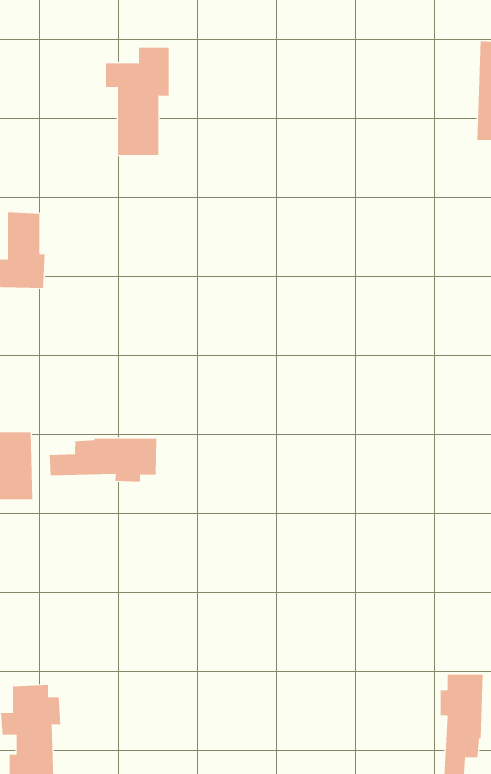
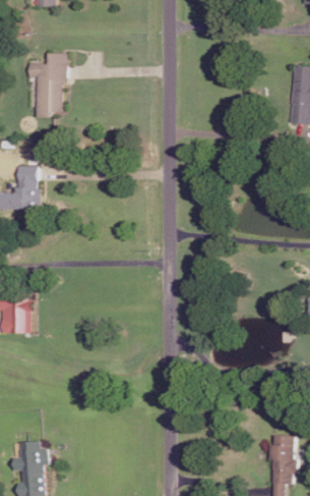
building: [105,47,170,155] -> [27,53,65,116]
building: [49,438,157,482] -> none

